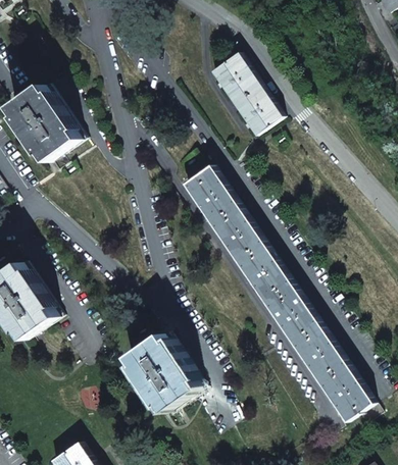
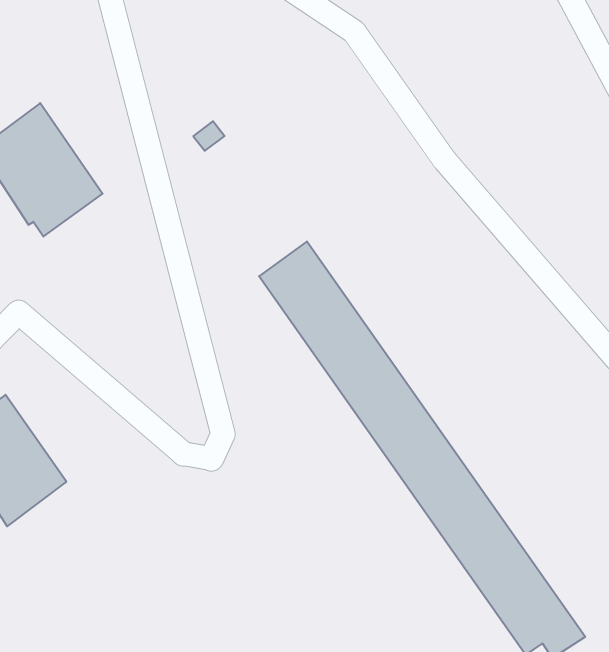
building: [208,53,281,136] -> none
building: [126,332,200,414] -> none

